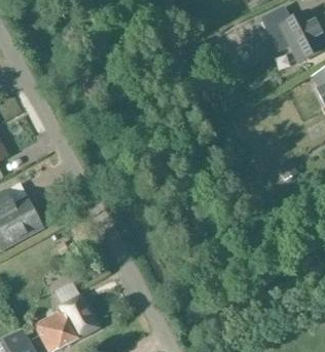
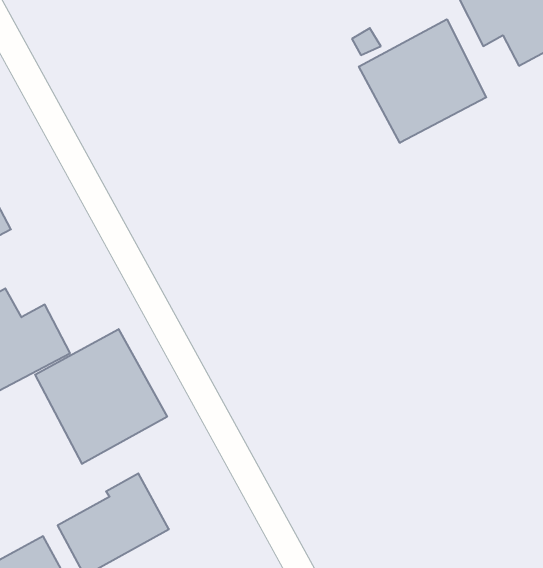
building: none -> [359,19,486,143]
building: none -> [35,329,167,464]

